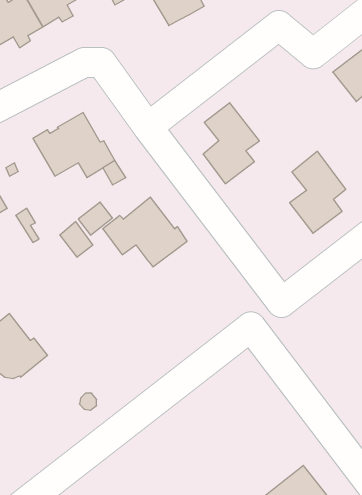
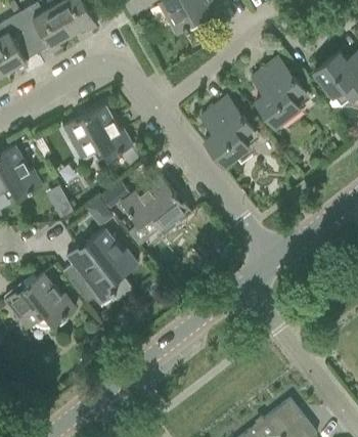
building: [290,151,346,233] -> [255,57,302,126]
building: none -> [62,228,137,307]

